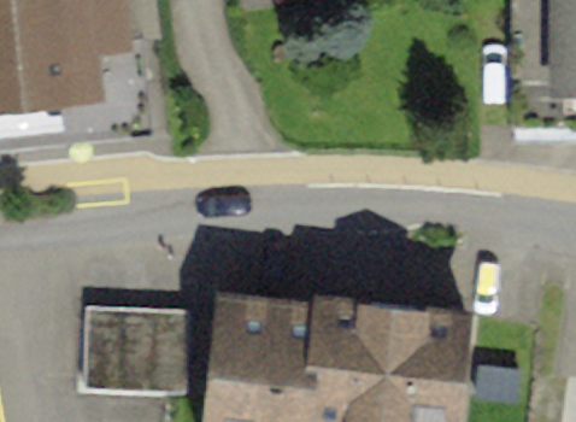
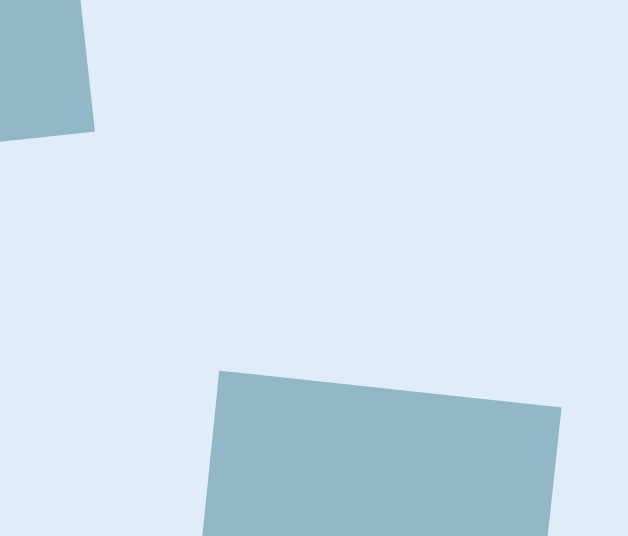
building: [84,300,190,387] -> none

